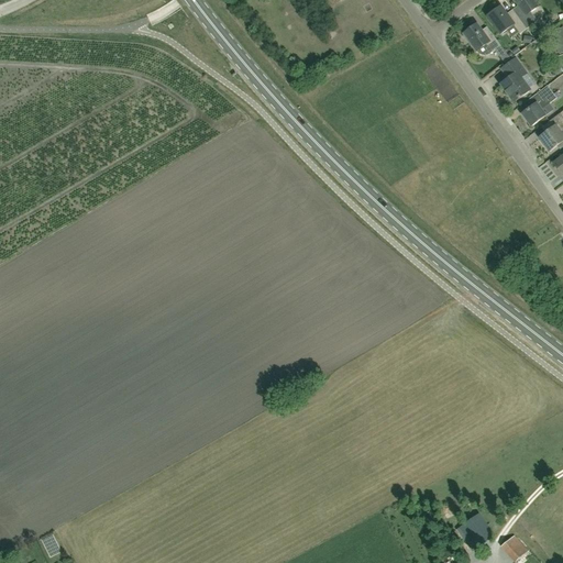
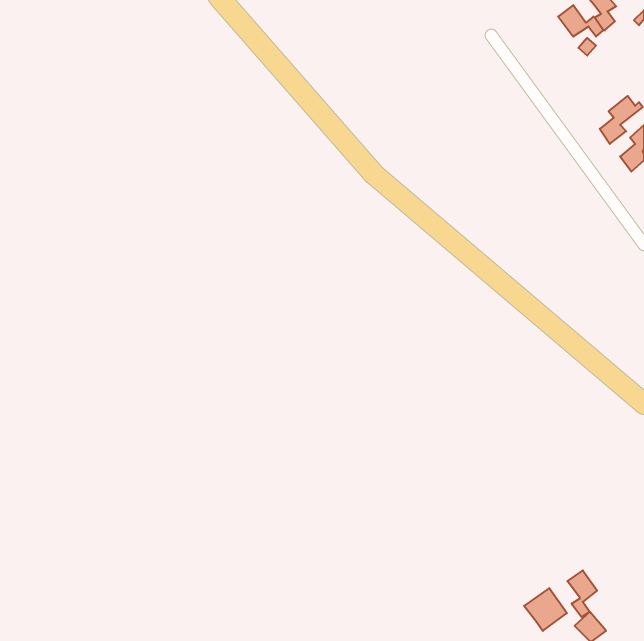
building: [463,22,499,54] -> none
building: [500,57,529,101] -> none
building: none -> [567,570,597,617]

